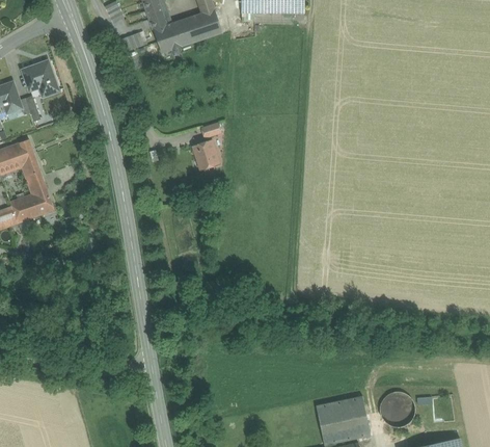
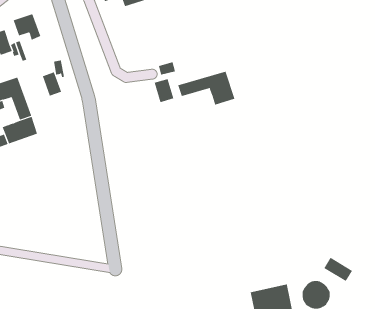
building: none -> [177,71,235,105]
building: none -> [42,71,62,96]
building: none -> [324,257,353,282]

